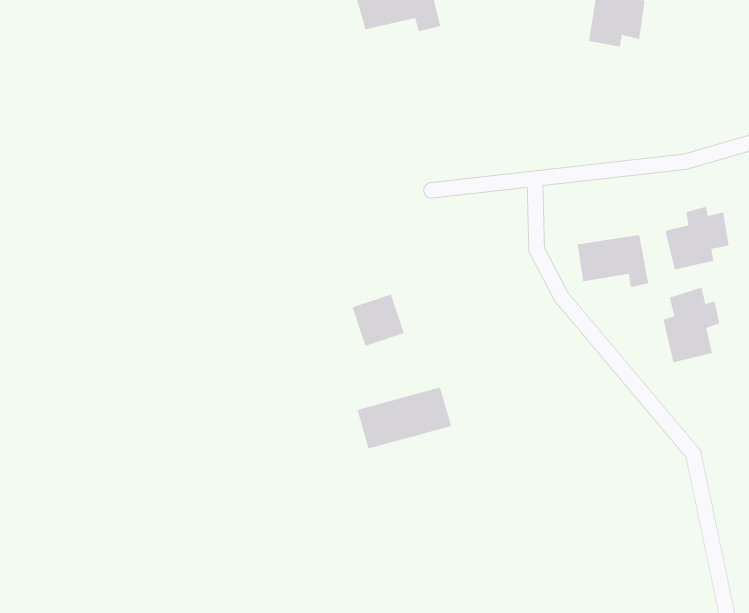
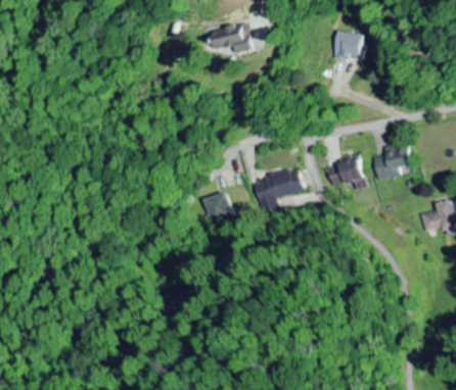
building: [662,286,720,363] -> none
building: [357,387,452,449] -> [253,169,304,203]

